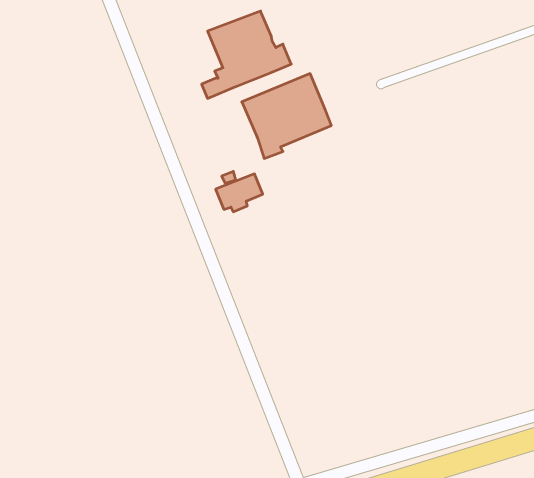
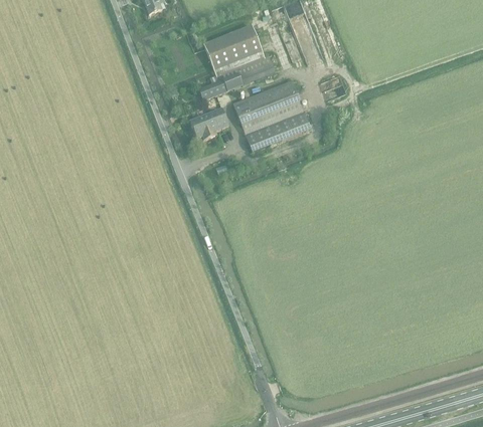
building: [216,174,263,212] -> [189,106,229,139]

